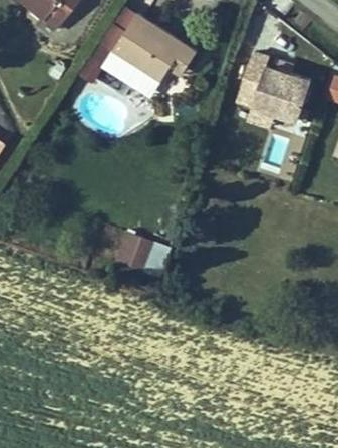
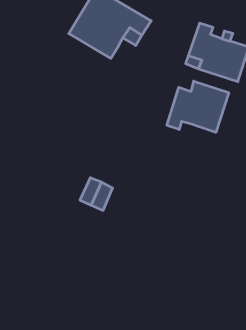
building: none -> [167,81,229,132]

